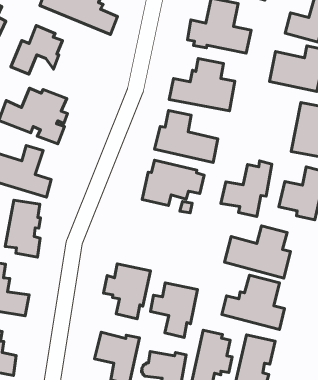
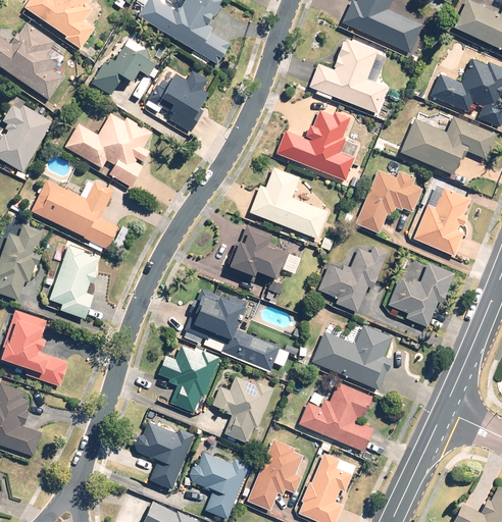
building: none -> [145,68,209,132]
building: none -> [355,169,421,232]
building: none -> [185,288,288,371]

